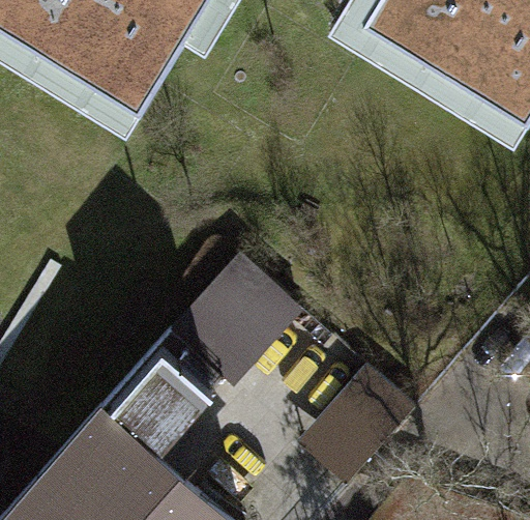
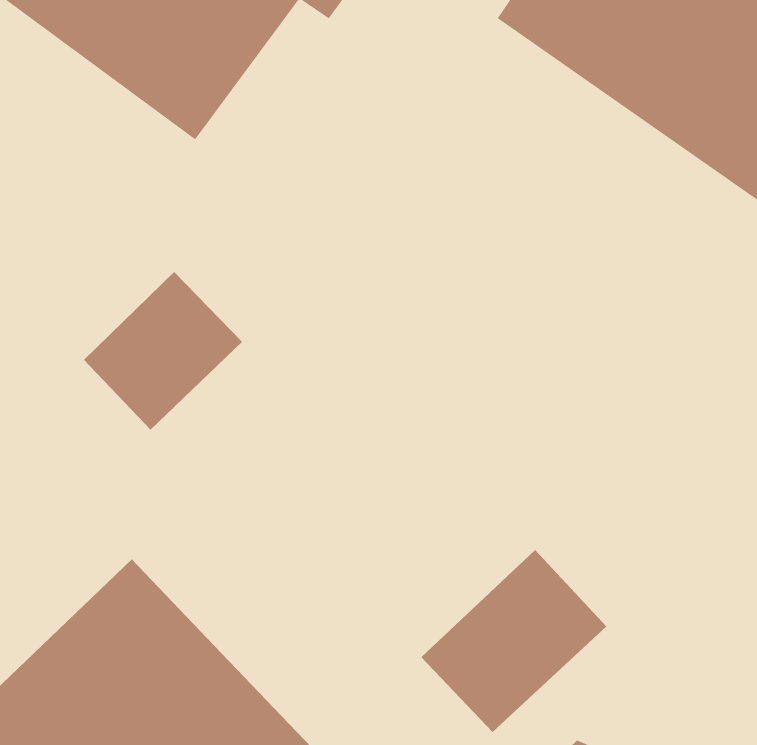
building: none -> [83,271,243,430]
building: [115,244,311,439] -> none

